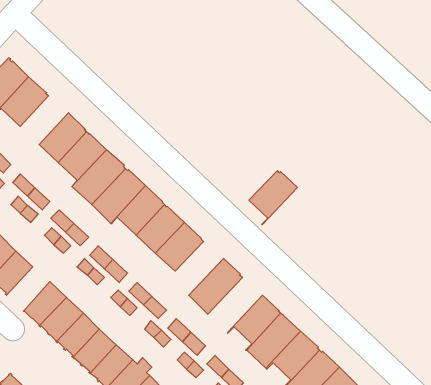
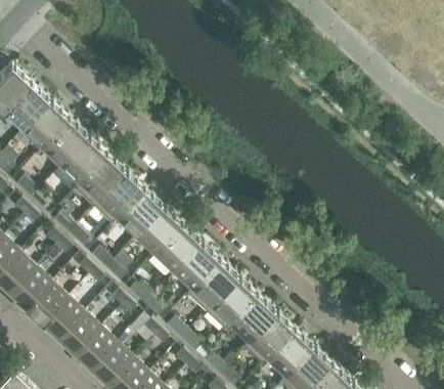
building: none -> [23,99,70,146]
building: [249,171,297,224] -> [173,241,220,293]
building: none -> [9,265,51,308]
building: none -> [205,275,258,329]

